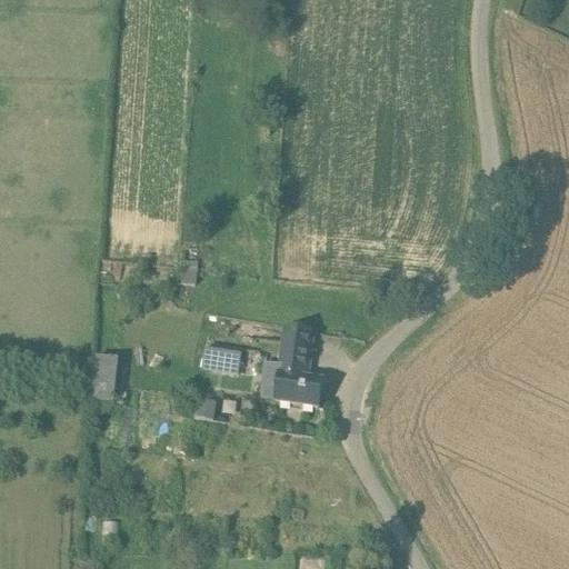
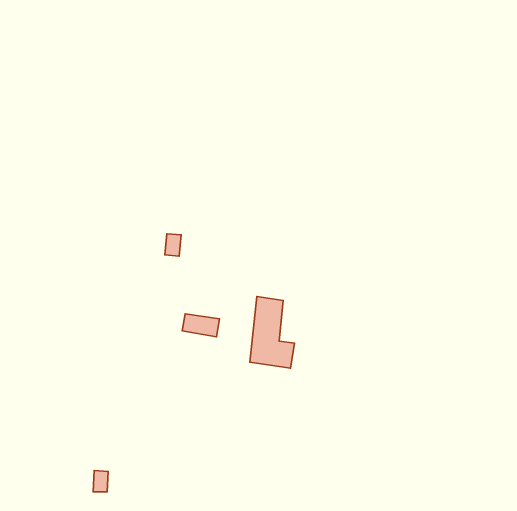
building: [91,355,119,400] -> none

